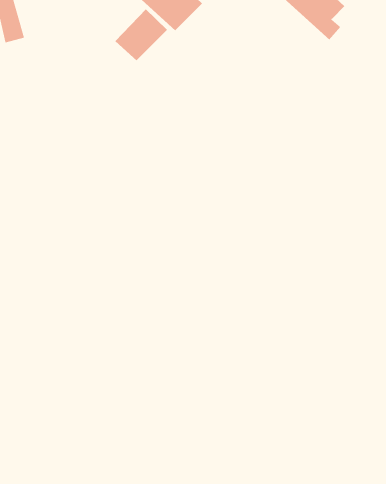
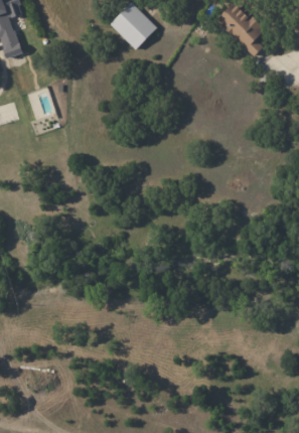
building: [114,8,168,61] -> none

